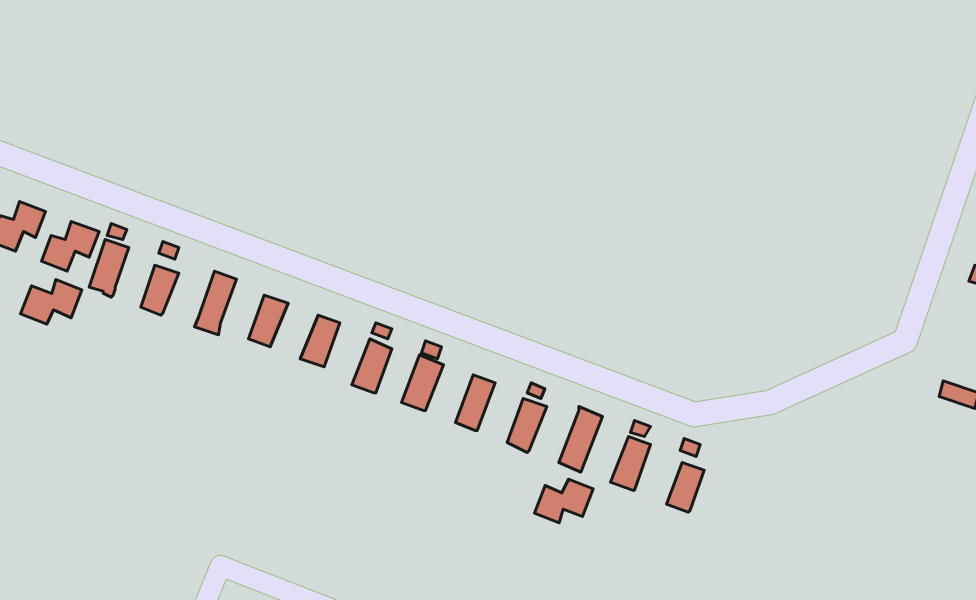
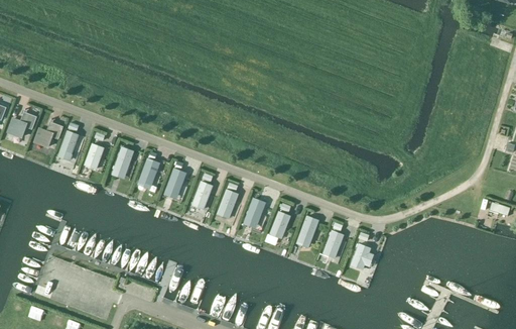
building: [21,280,82,324] -> none
building: [534,479,593,523] -> none

